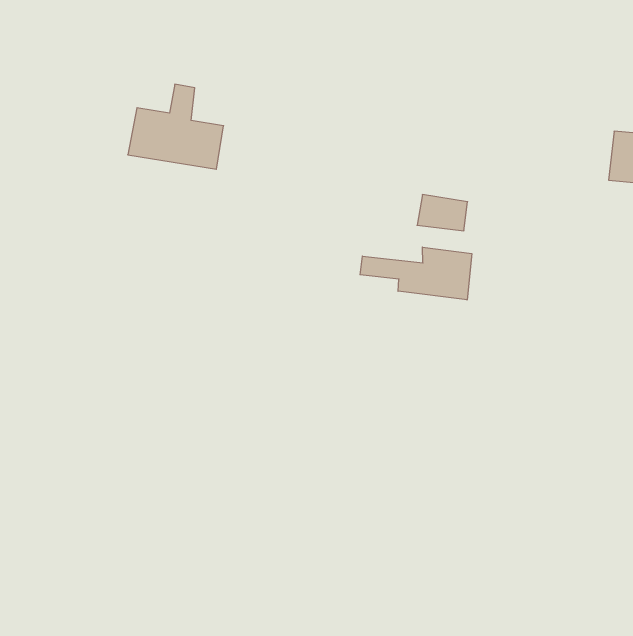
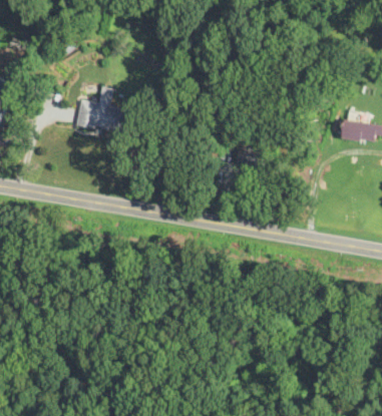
building: [360,247,472,300] -> none

